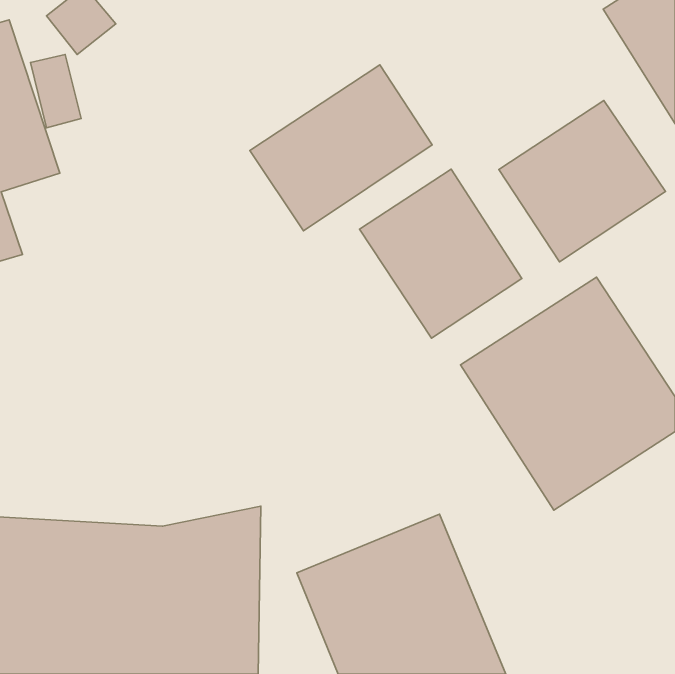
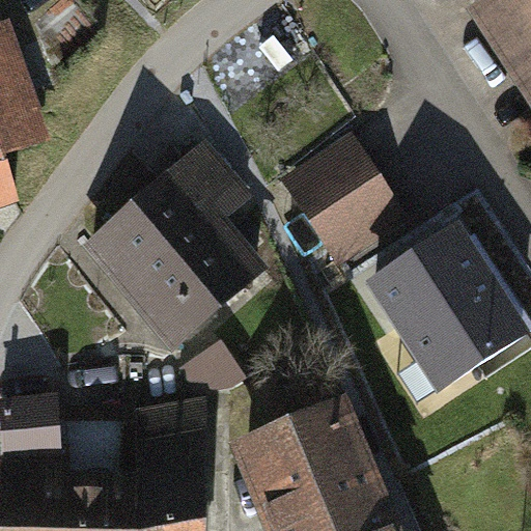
building: [250,65,432,231] -> none
building: [499,100,665,262] -> none
building: none -> [78,141,269,351]

